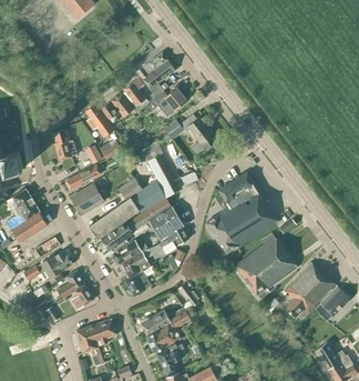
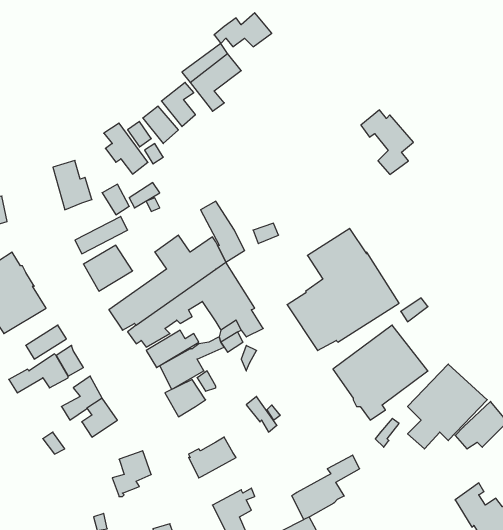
building: [150,88,187,110] -> [214,13,272,47]
building: [181,114,215,157] -> [361,110,413,174]
building: [146,311,191,353] -> [292,455,360,520]
building: [75,324,103,360] -> none

